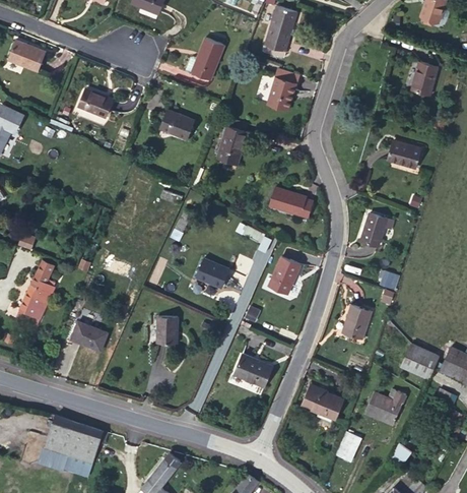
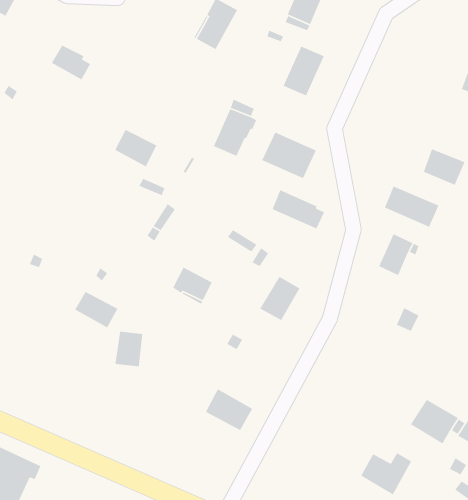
building: [159,110,194,139] -> [114,129,157,168]
building: none -> [261,132,317,179]
building: none -> [384,186,440,228]
building: [342,305,371,338] -> none
building: [71,322,107,351] -> [74,291,118,329]
building: [303,384,342,420] -> none

